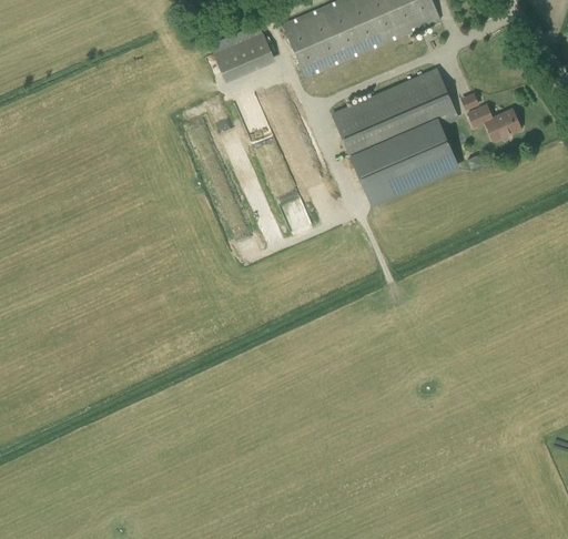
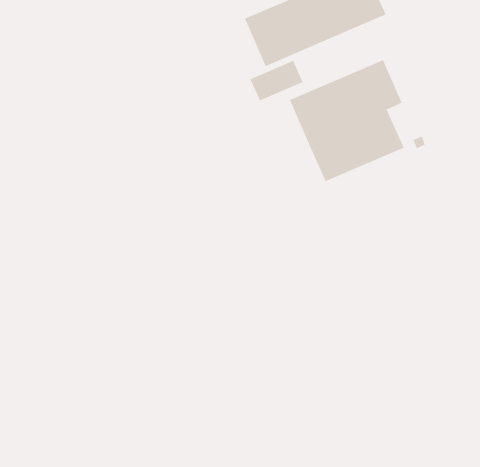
building: [213,32,273,78] -> [250,60,304,101]
building: [467,104,520,140] -> none

